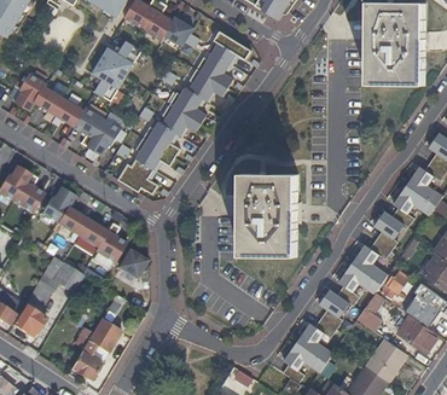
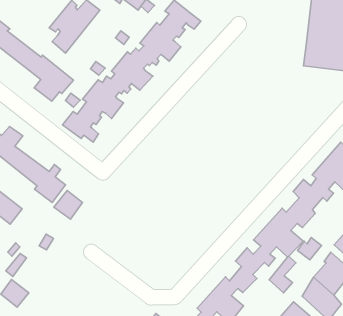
building: [238,174,296,259] -> none
building: [87,319,123,355] -> none

